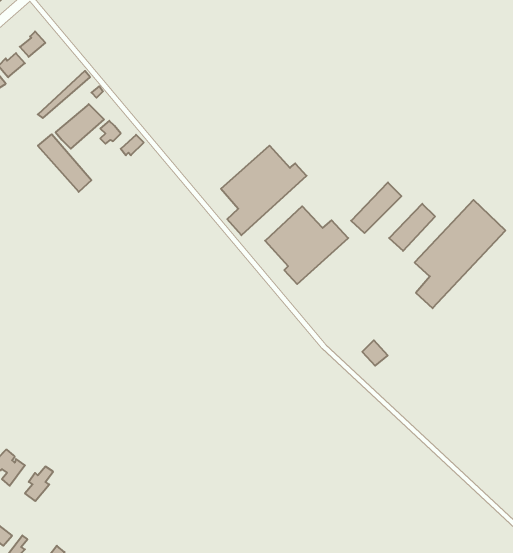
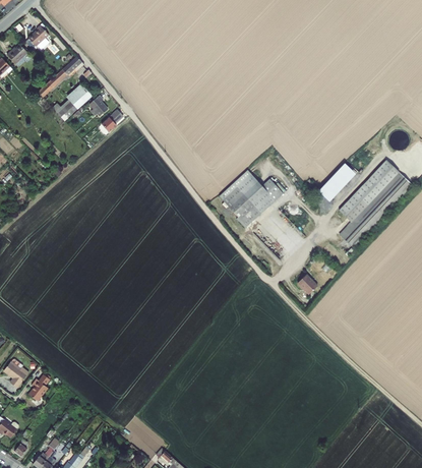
building: [38,134,91,192] -> none
building: [221,146,307,235] -> none
building: [351,182,401,233] -> none

